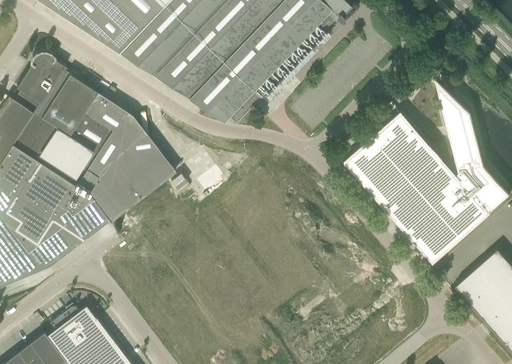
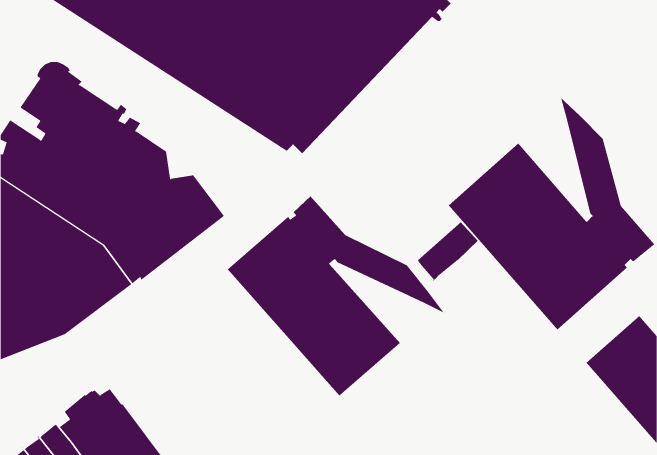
building: none -> [227,195,445,397]
building: none -> [417,221,478,282]

